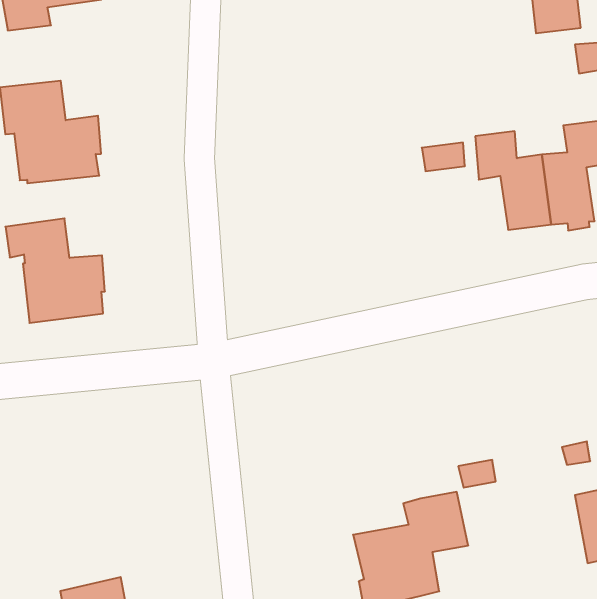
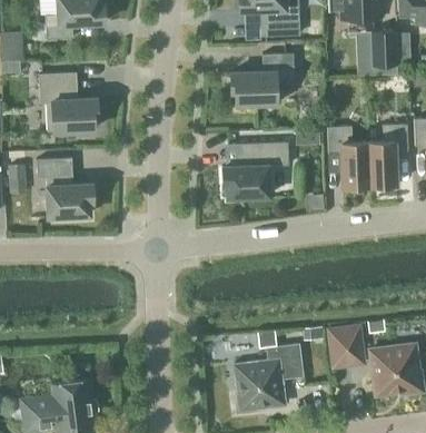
building: none -> [229,55,295,109]
building: none -> [222,142,289,201]
building: none -> [328,327,364,368]

